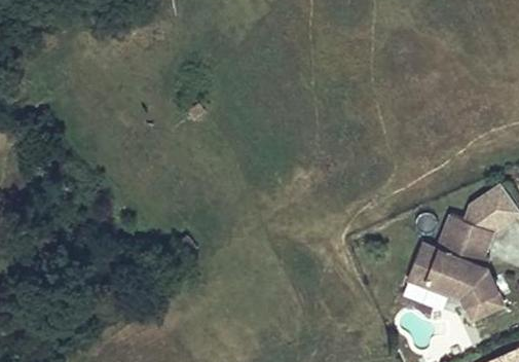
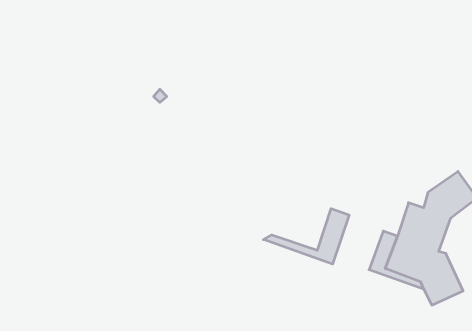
building: none -> [263,209,349,264]

